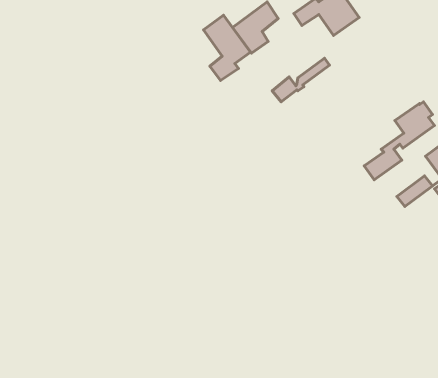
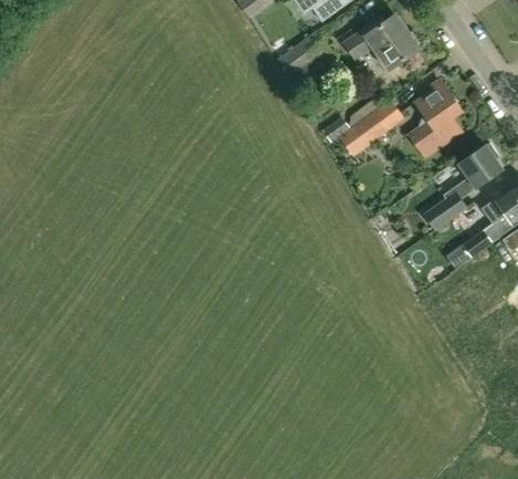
building: [203,15,251,81] -> none
building: none -> [406,83,463,160]
building: none -> [355,98,404,145]

